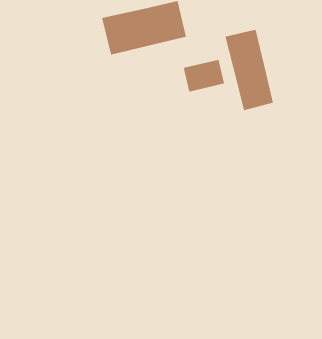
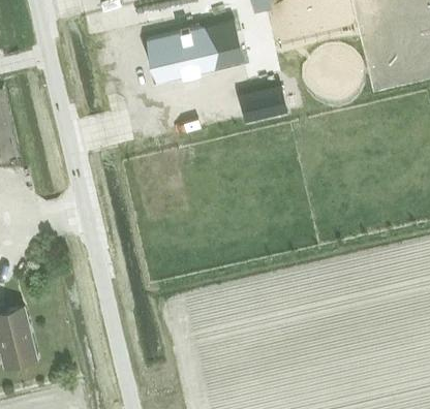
building: [225,29,274,111] -> none

